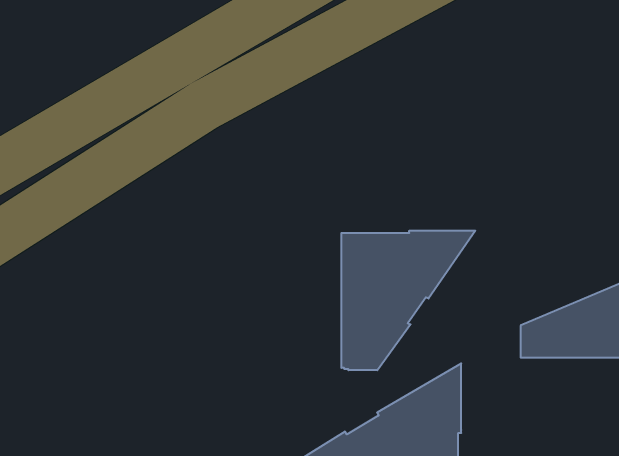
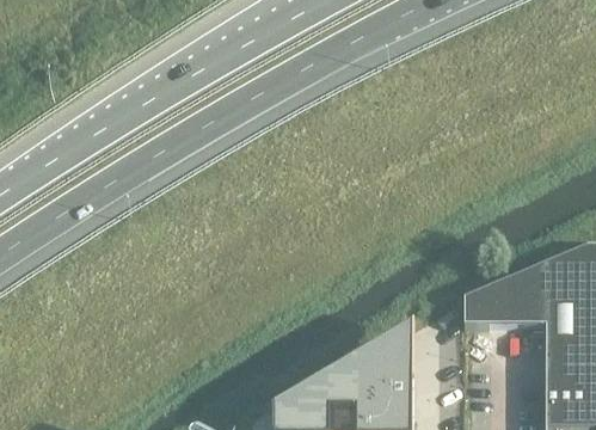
building: [341,231,475,370] -> none

